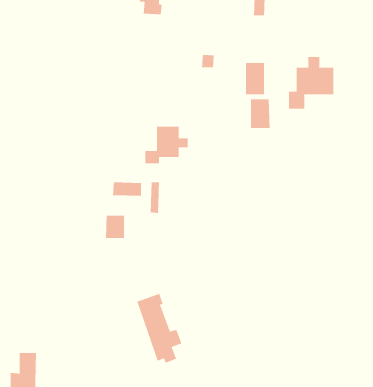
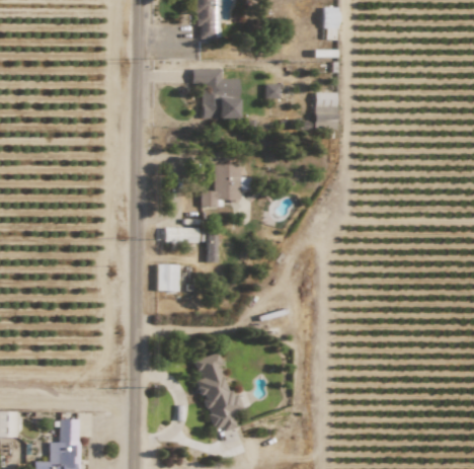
building: none -> [192,69,240,119]
building: [289,56,334,109] -> none
building: [251,99,270,129] -> none

